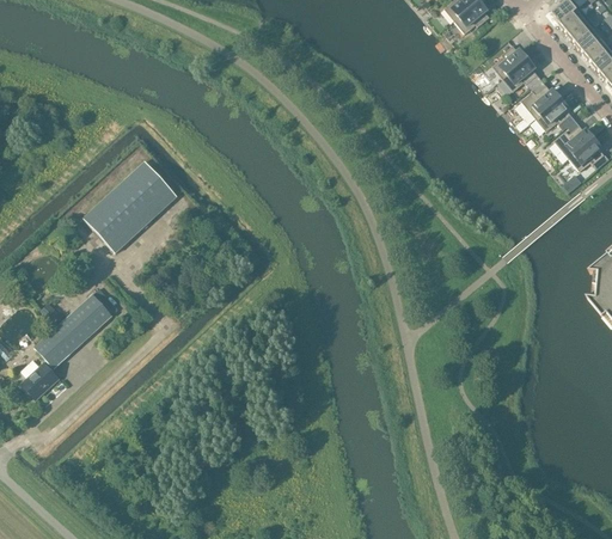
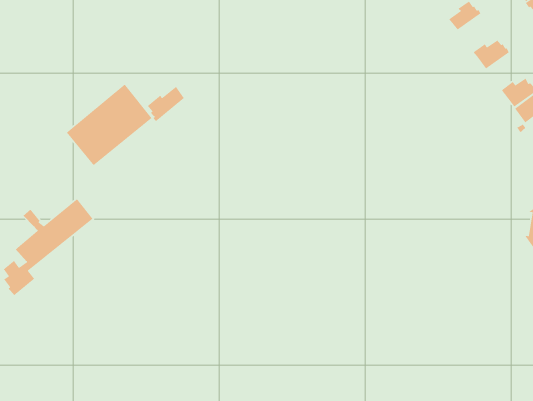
building: [503,59,539,92] -> none
building: [537,99,571,131] -> none
building: none -> [147,86,185,122]

